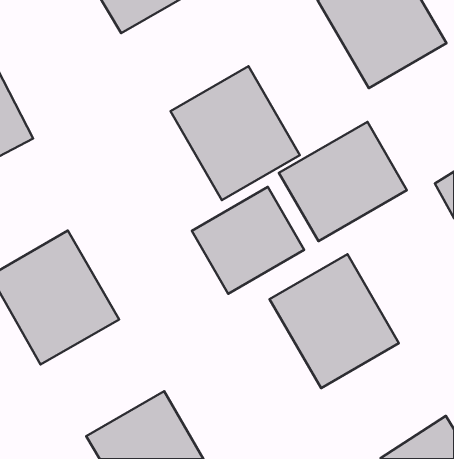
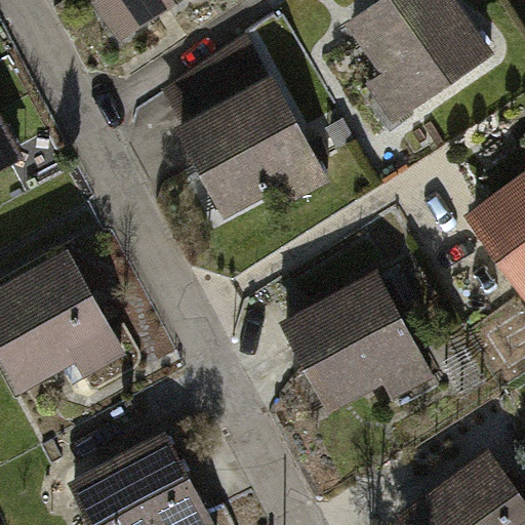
building: [279,122,407,241] -> none
building: [192,187,304,294] -> none

